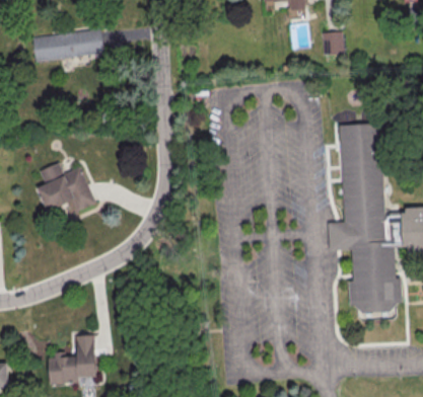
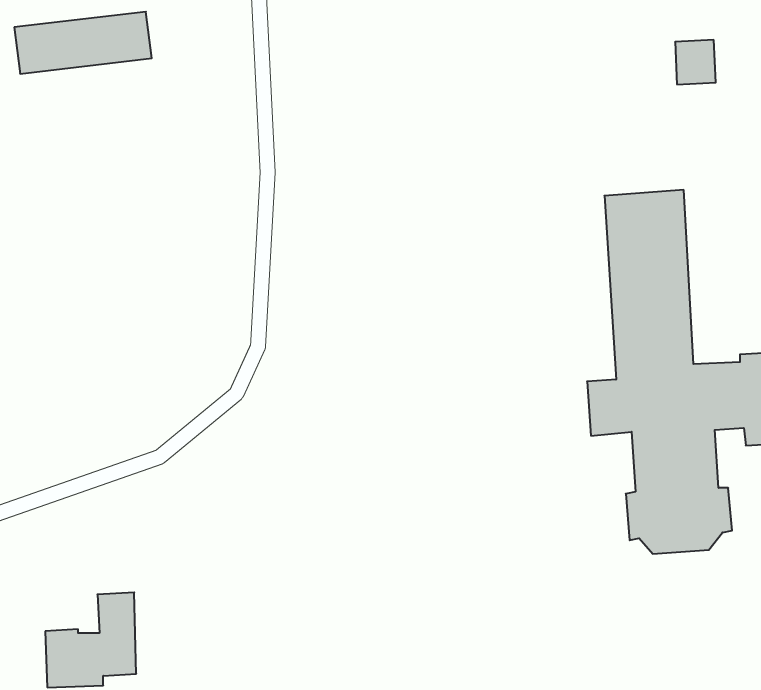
building: [321,30,342,54] -> [675,40,716,84]
building: [36,162,93,210] -> none

